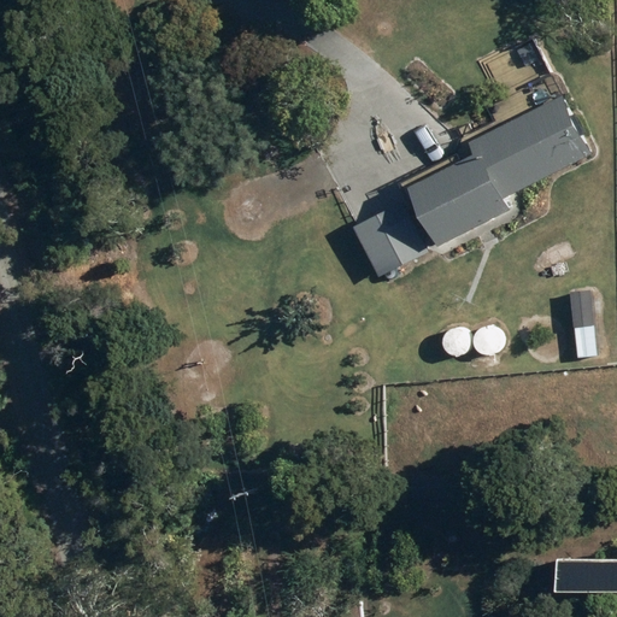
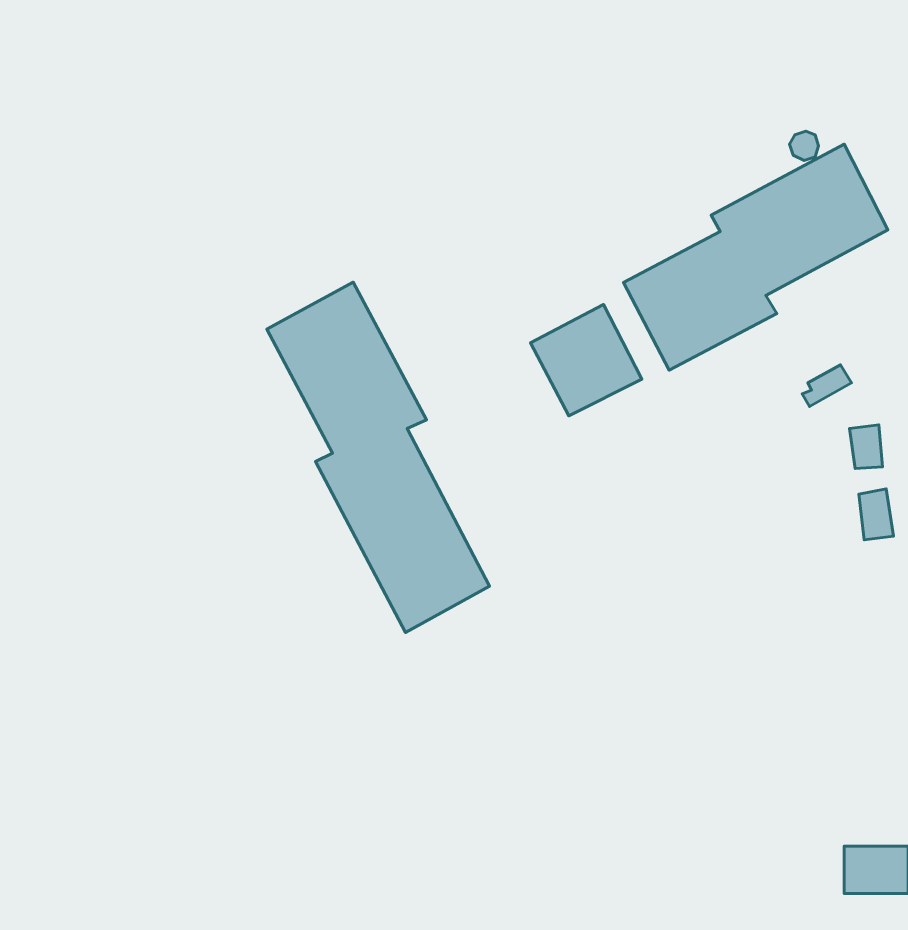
building: none -> [267,282,489,633]

